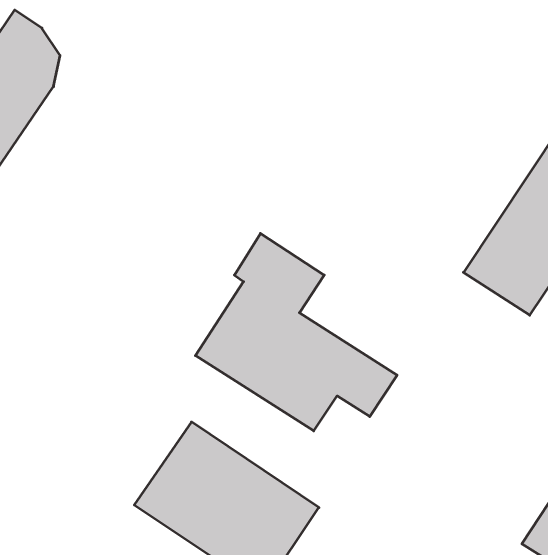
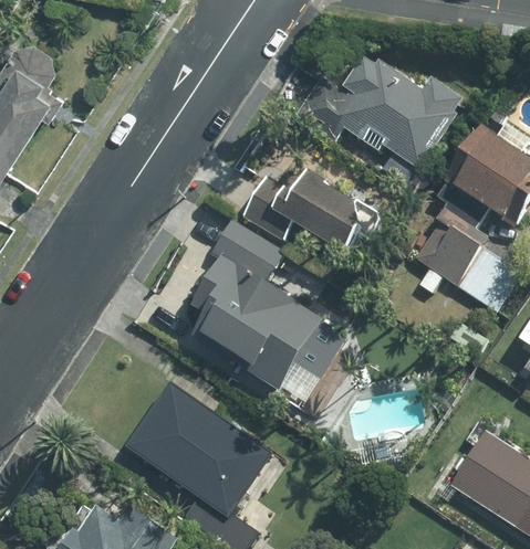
building: none -> [311,49,454,168]
building: none -> [242,177,355,257]

